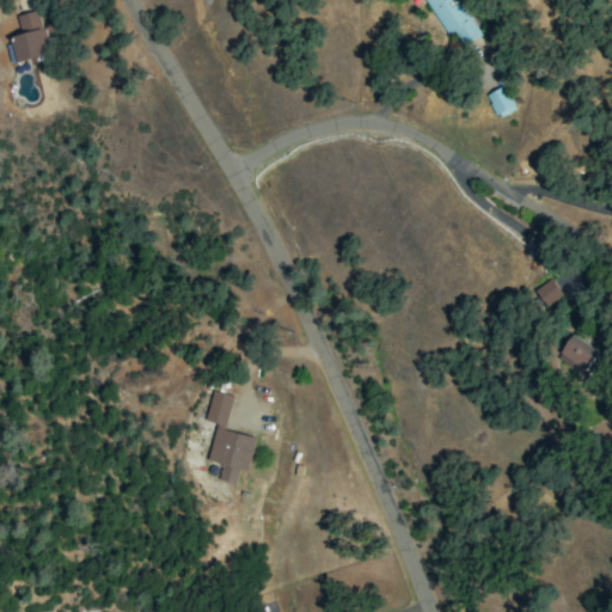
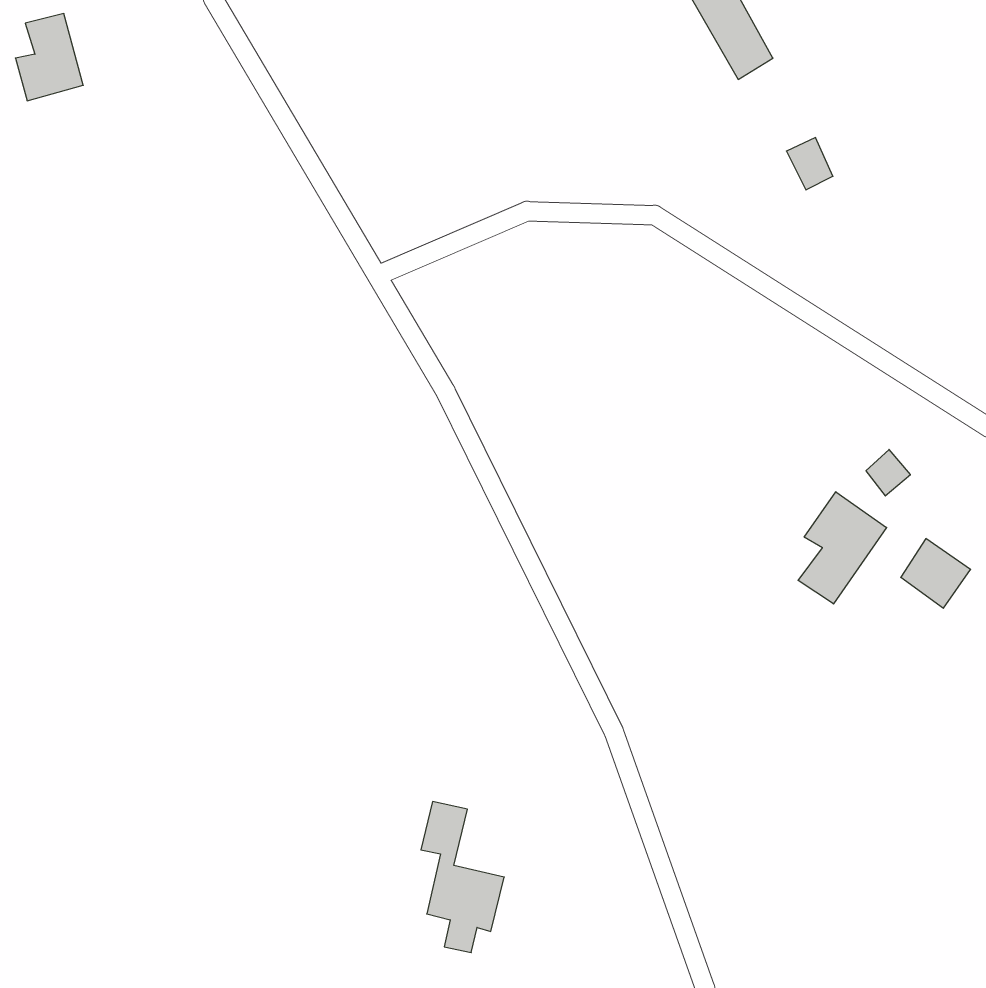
building: none -> [798,492,887,604]
building: [206,390,257,483] -> [421,802,504,953]

